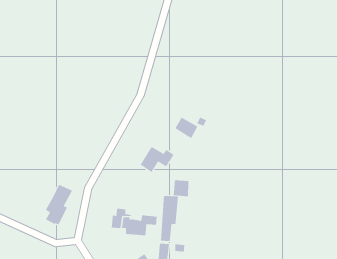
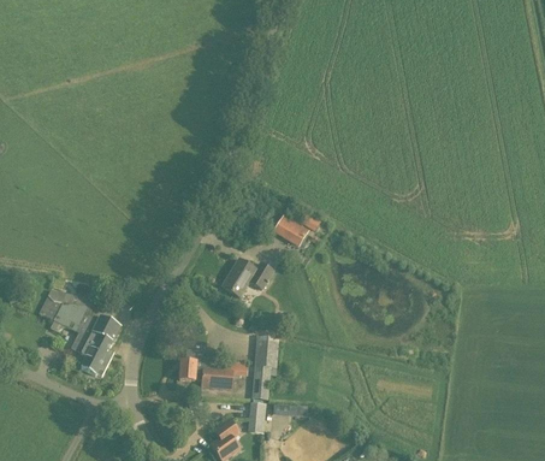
building: none -> [38,290,100,353]
building: [173,179,189,197] -> none

